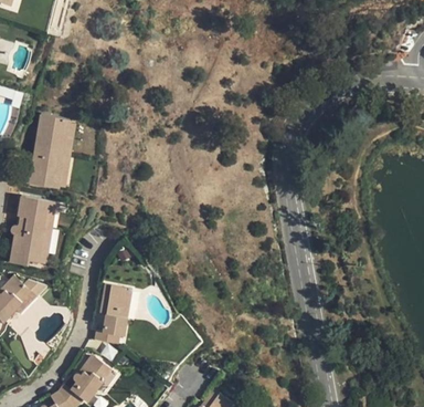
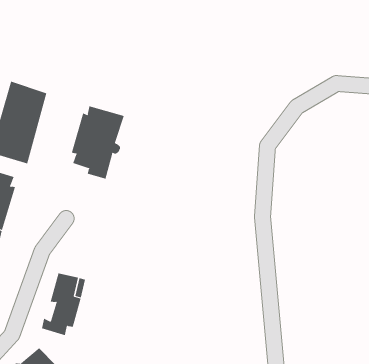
building: none -> [71,106,125,180]

